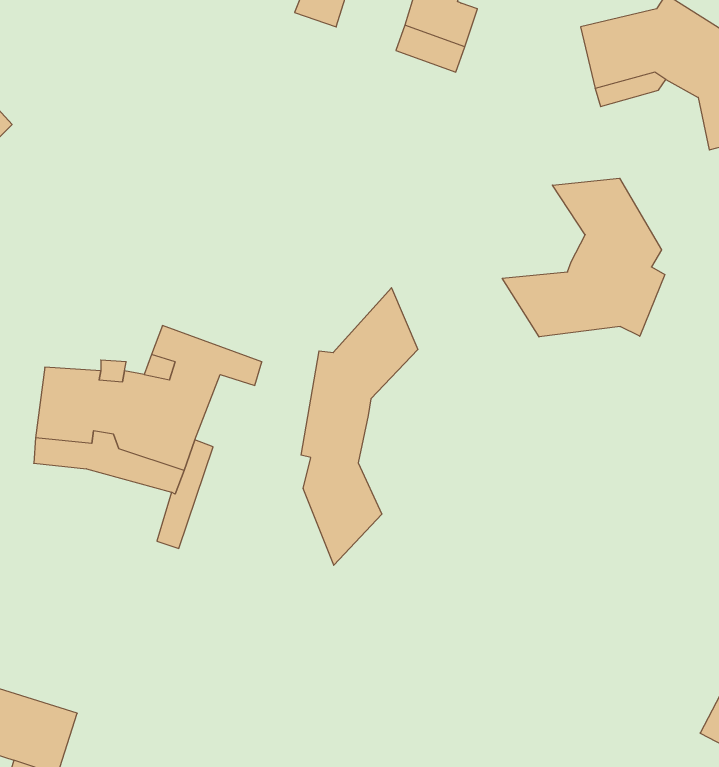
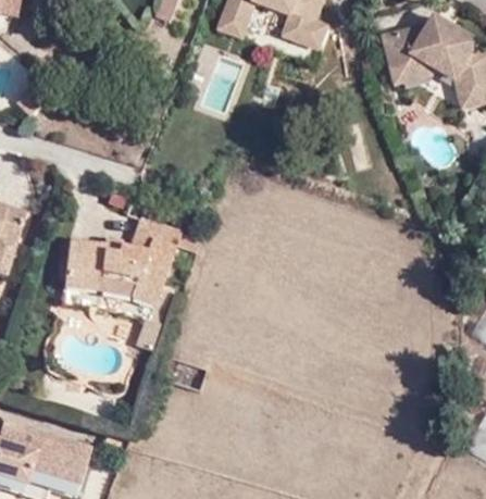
building: [502,178,665,337] -> none
building: [301,288,418,565] -> none

